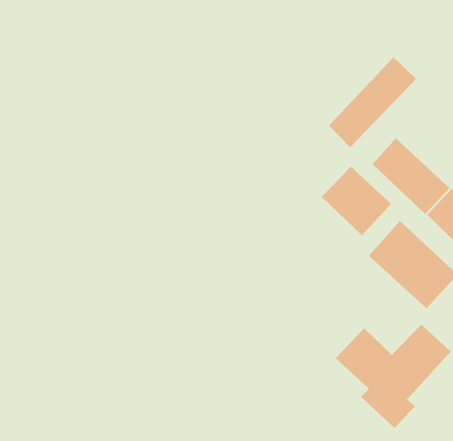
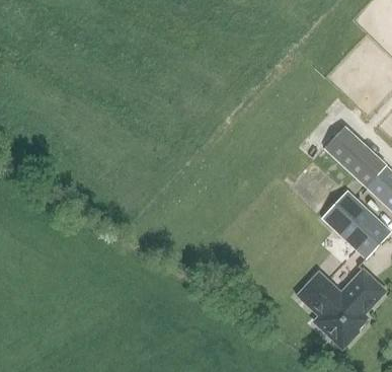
building: [328,57,417,148] -> none
building: [321,166,392,236] -> none

